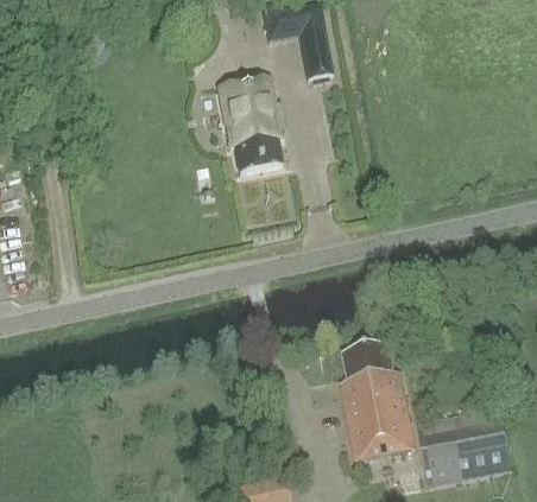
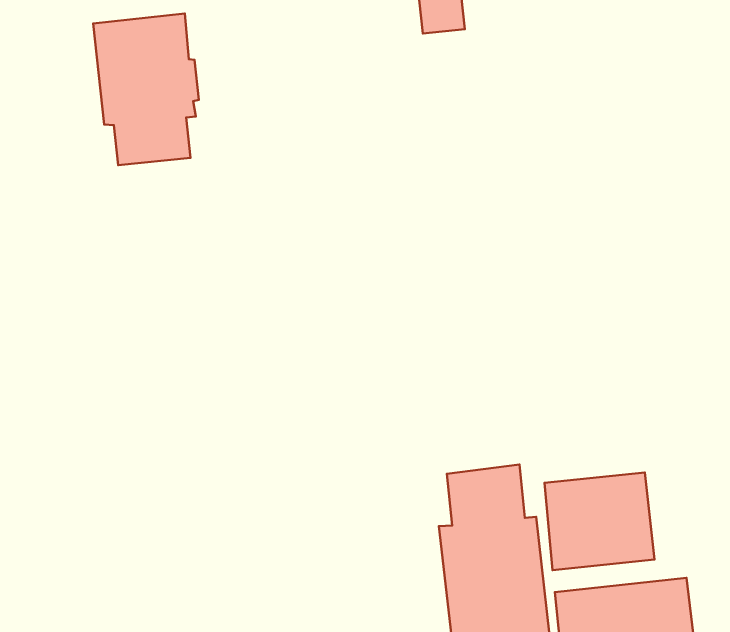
building: [215,74,285,172] -> [93,14,199,165]
building: none -> [544,473,654,570]

